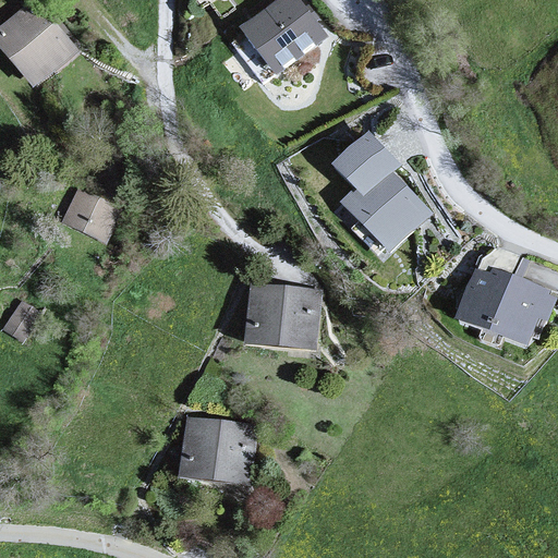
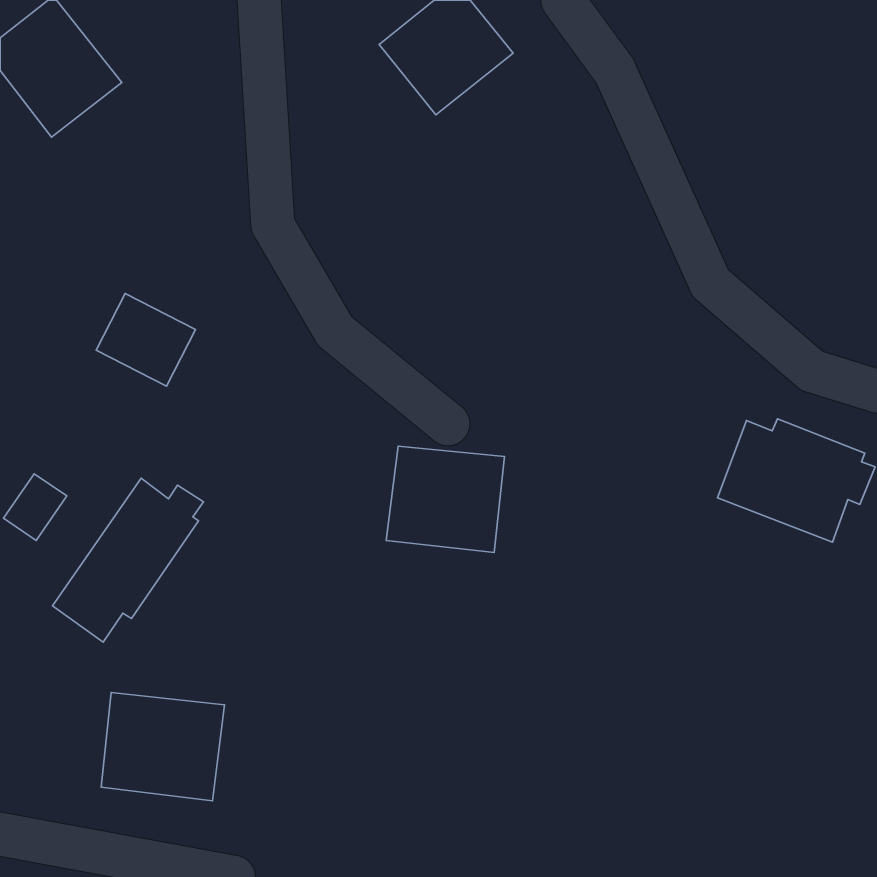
building: [335,132,428,250] -> none
building: none -> [53,478,203,642]
building: [180,416,258,485] -> [101,693,225,801]

